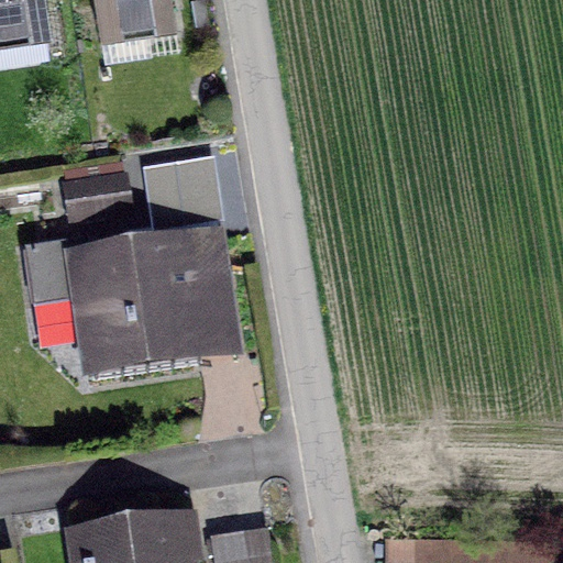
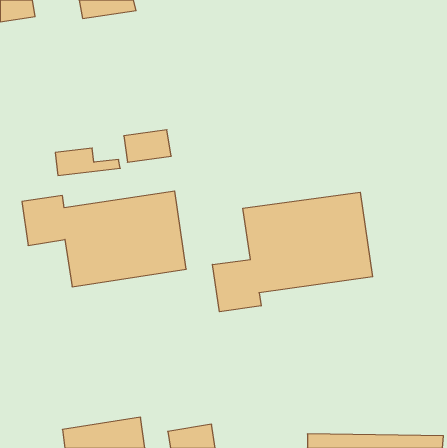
building: none -> [212,192,373,312]

